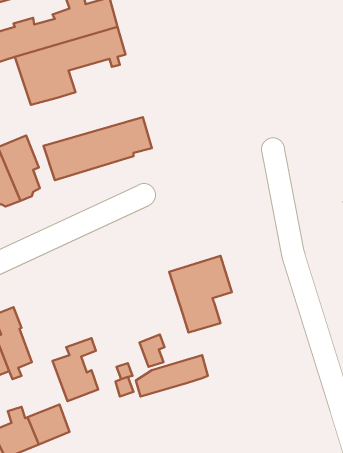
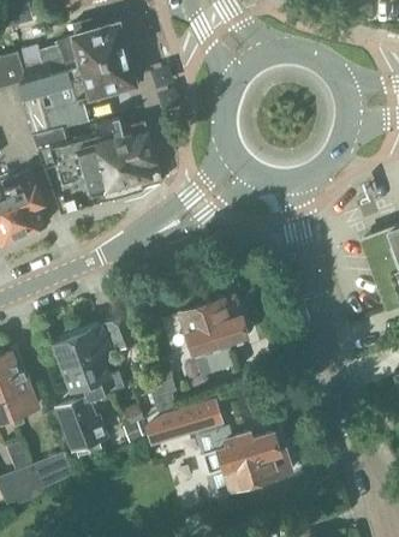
building: none -> [34,119,154,180]
building: none -> [54,316,136,395]
building: none -> [197,424,292,493]

